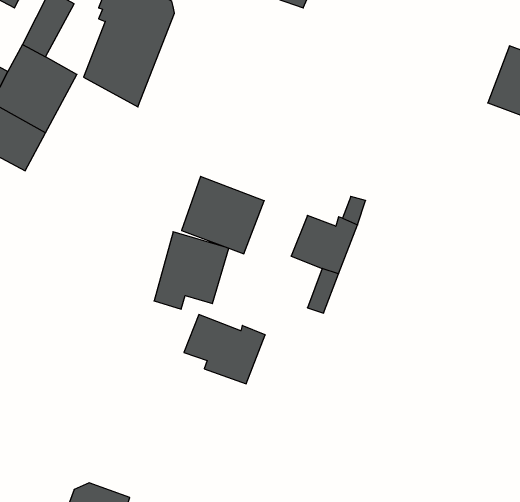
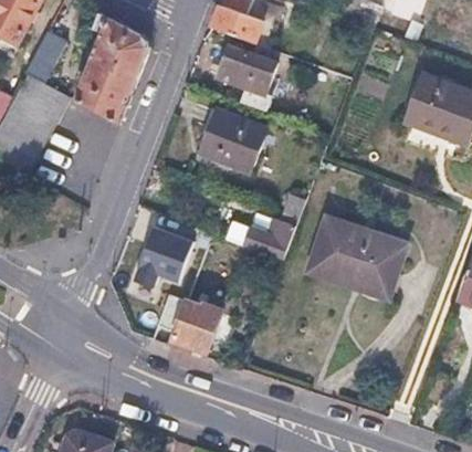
building: none -> [217,46,275,94]
building: [182,176,264,254] -> [199,108,266,171]
building: none -> [305,216,406,298]

